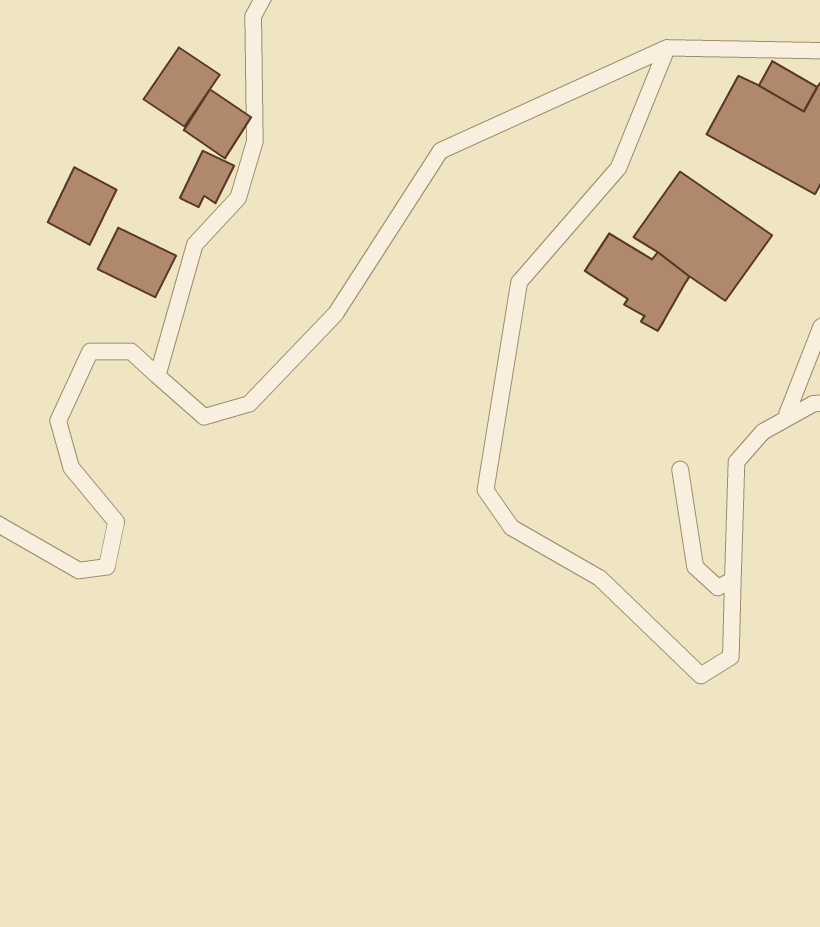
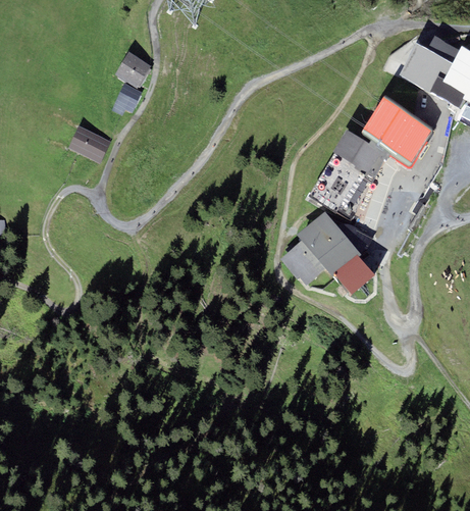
building: [143,47,220,126] -> none
building: [48,167,116,245] -> none
building: none -> [279,211,375,294]

